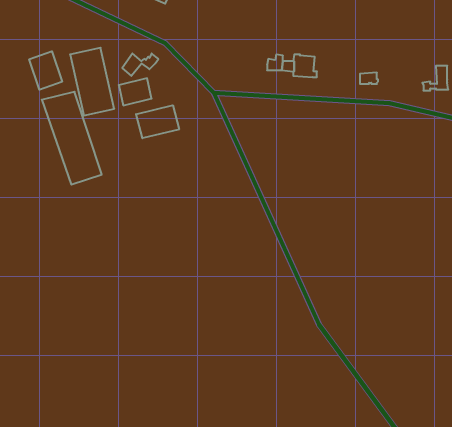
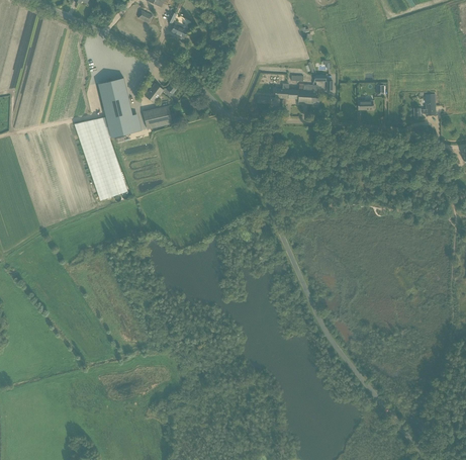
building: [29,51,62,90] -> none
building: [136,105,179,138] -> none

